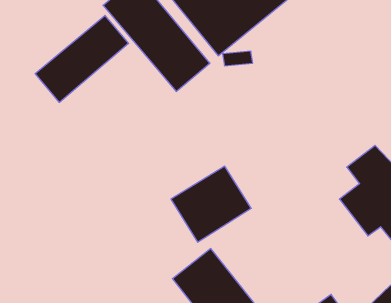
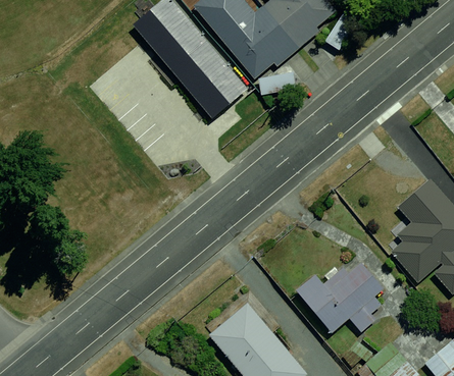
building: [35,15,129,102] -> none
building: [171,166,251,242] -> [296,253,386,337]

